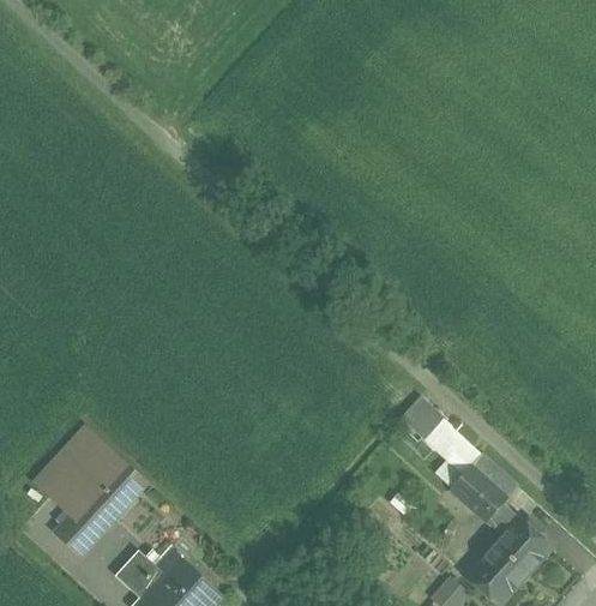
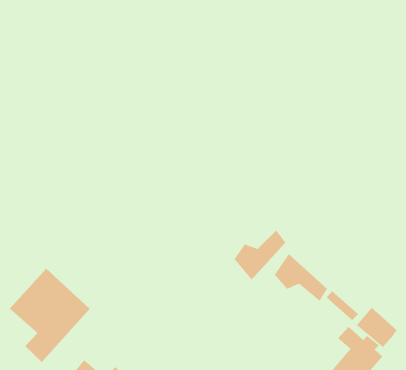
building: none -> [233,229,286,281]
building: [450,464,507,521] -> [356,307,397,348]

